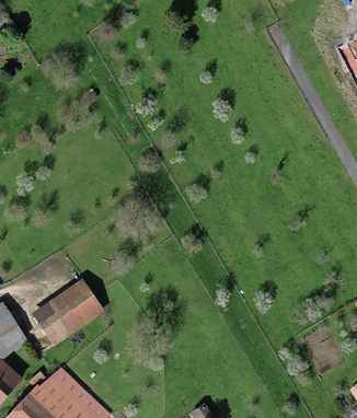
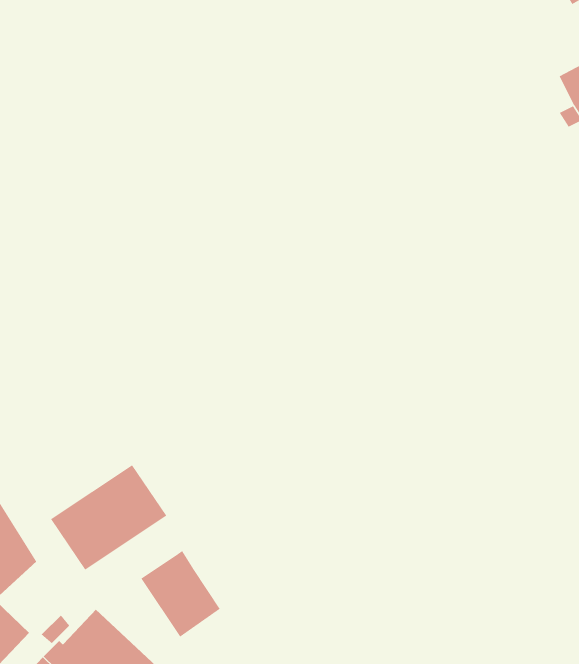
building: none -> [141,550,220,638]

